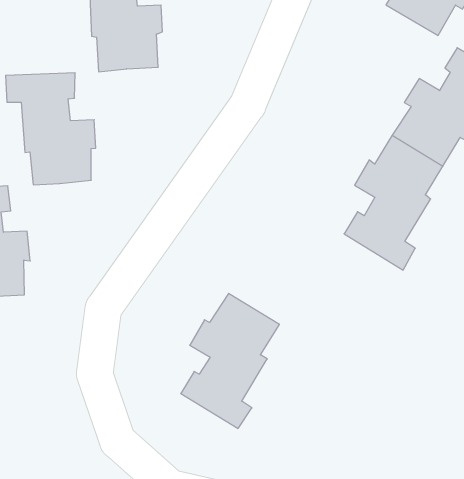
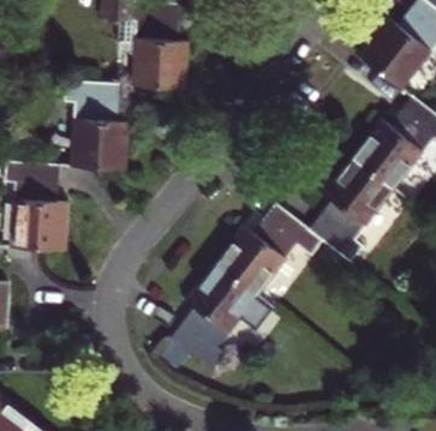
building: none -> [217,204,323,307]

